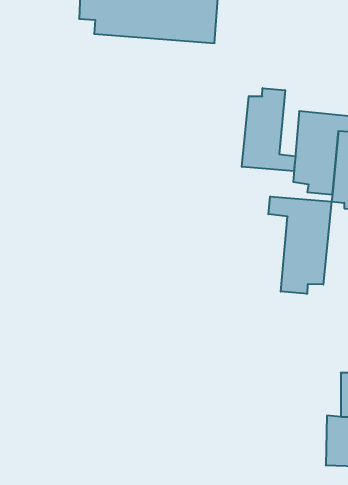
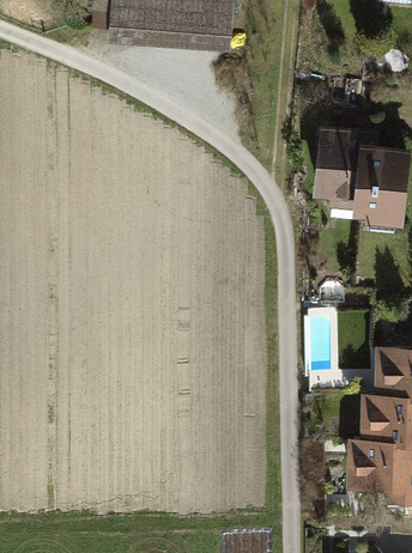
building: [242,88,295,171] -> none
building: [268,196,332,294] -> none

